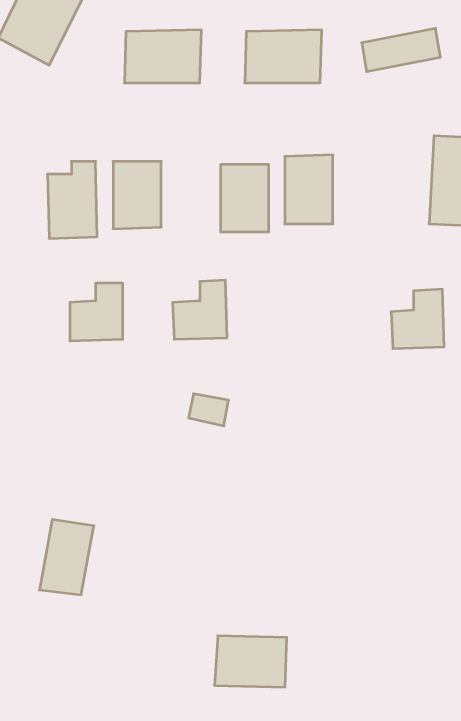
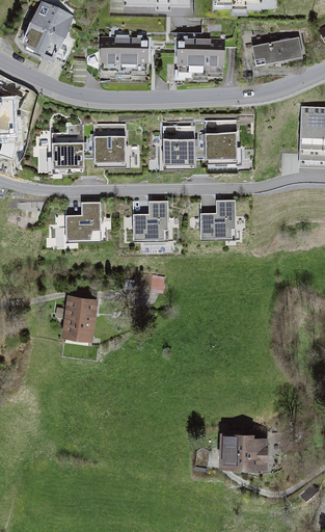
building: [391,289,444,349] -> [200,200,235,238]
building: [39,519,94,595] -> [62,295,98,344]
building: [214,636,287,687] -> [219,435,266,469]

